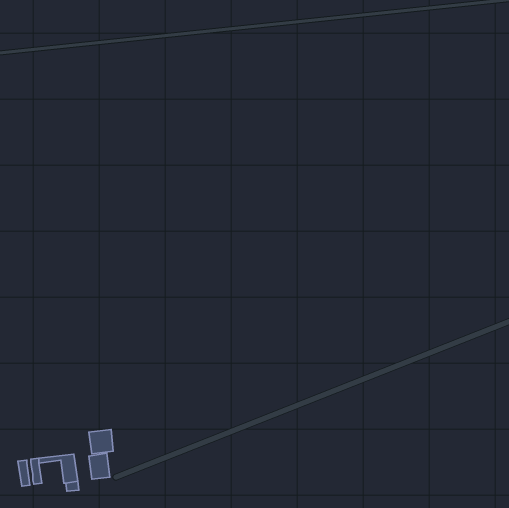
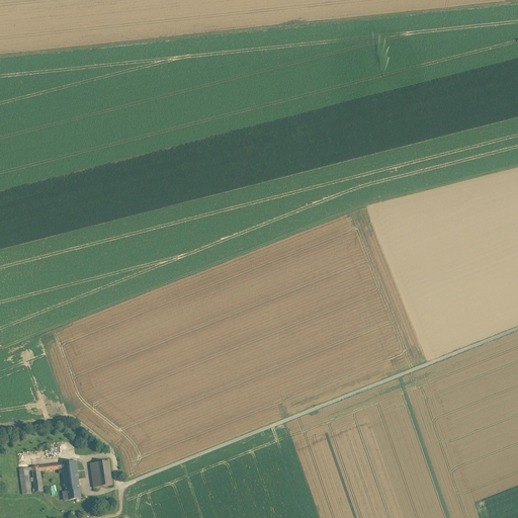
building: [89,429,113,454] -> none

